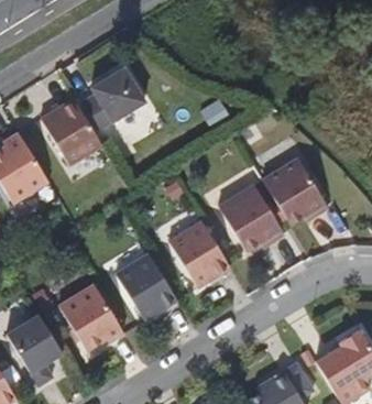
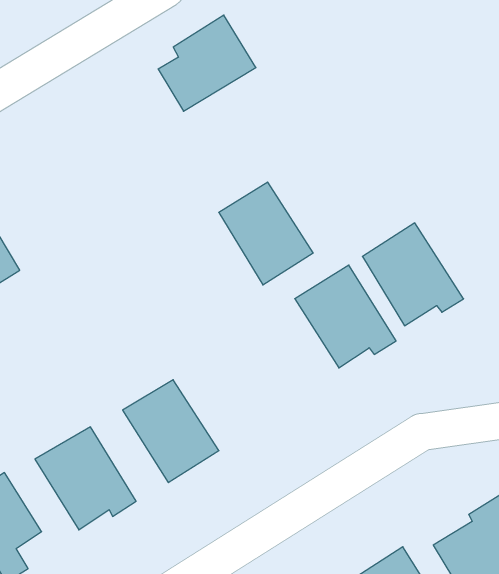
building: [83,68,146,131] -> [158,15,256,111]
building: [41,99,102,166] -> none
building: [168,221,230,288] -> [219,182,313,285]

